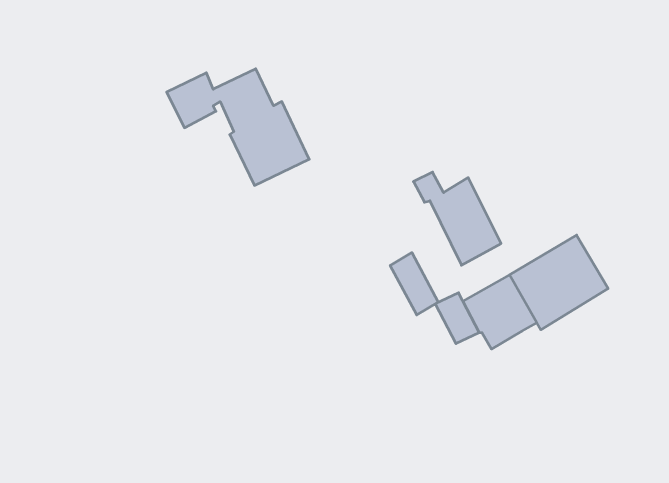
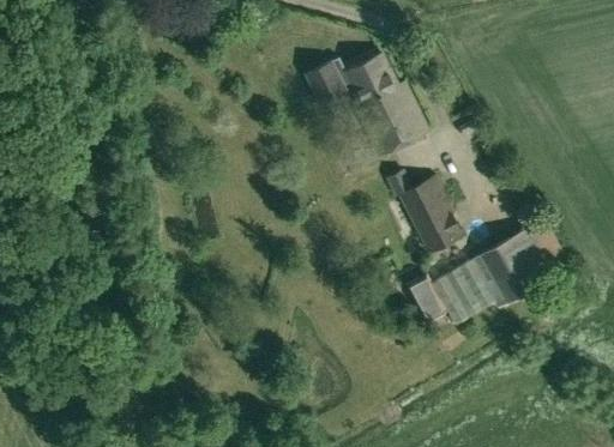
building: [167,69,309,185] -> [305,52,429,153]
building: [390,253,438,315] -> none

